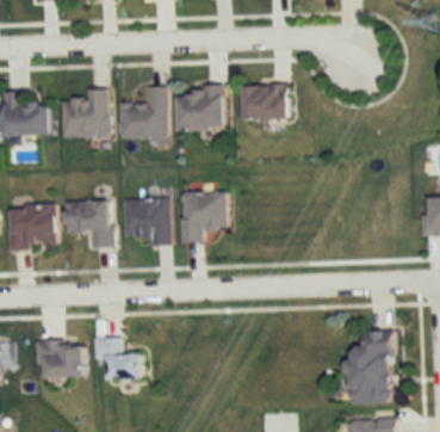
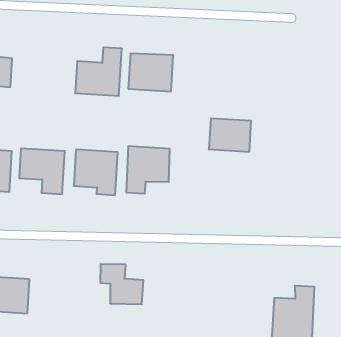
building: [242,85,286,118] -> [209,118,251,152]
building: [62,88,109,136] -> none
building: [93,338,141,381] -> [100,264,143,304]

